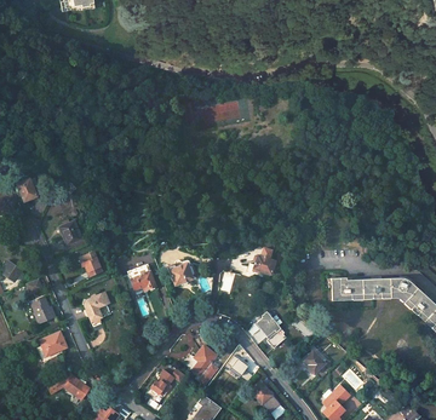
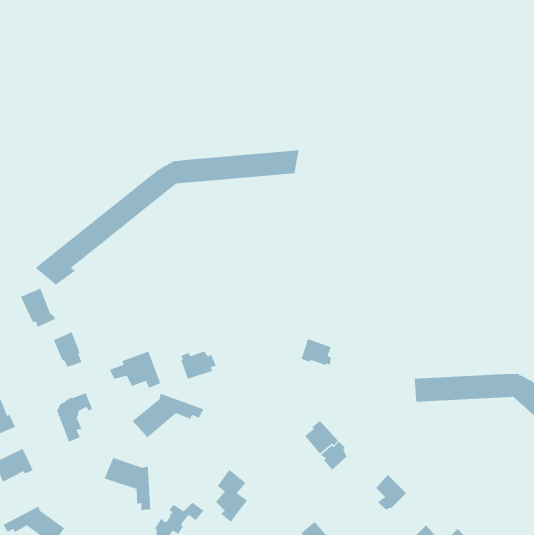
building: none -> [34,149,299,285]
building: none -> [132,393,204,438]
building: none -> [104,457,151,511]

